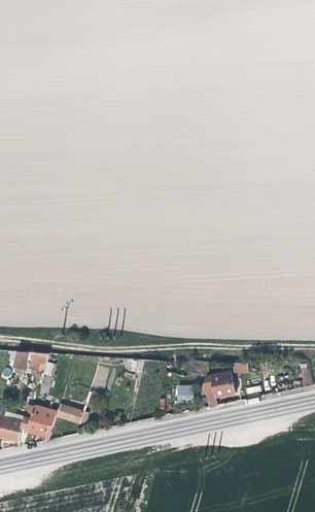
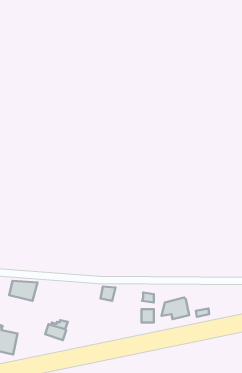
building: [25,406,56,441] -> none

